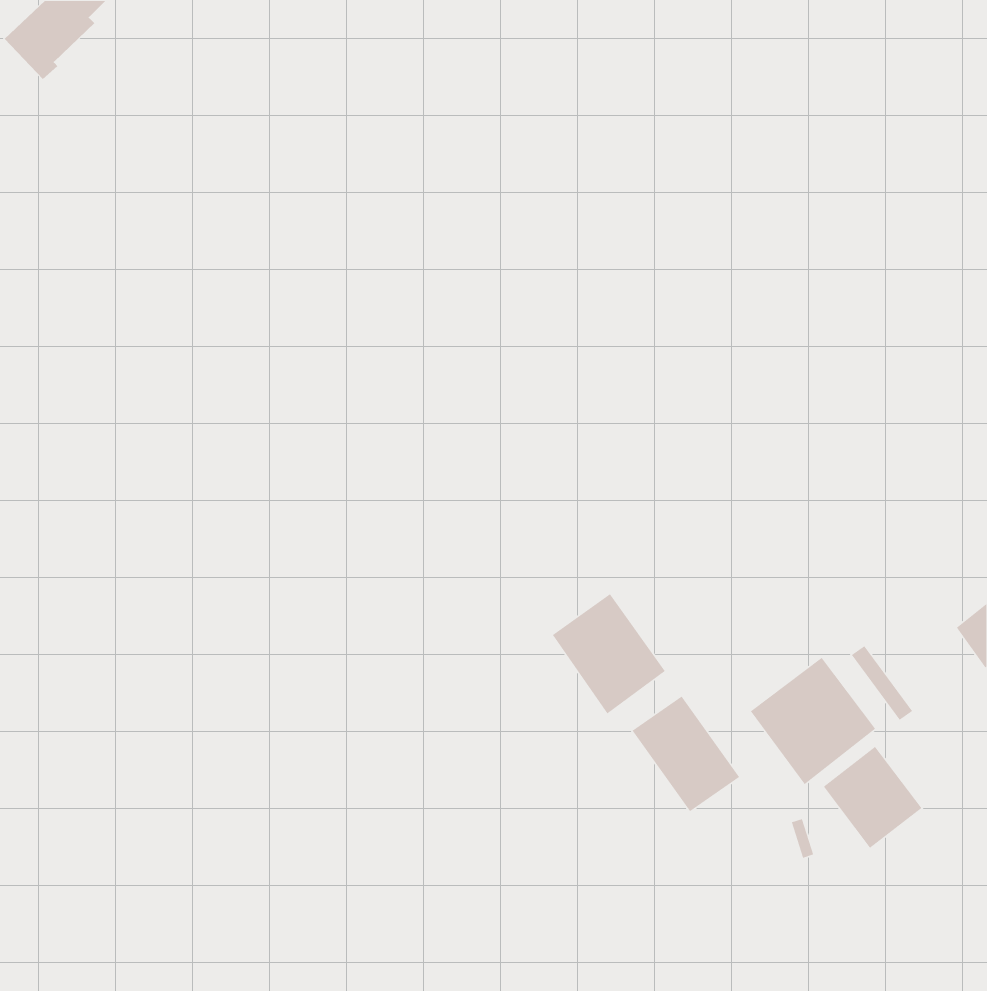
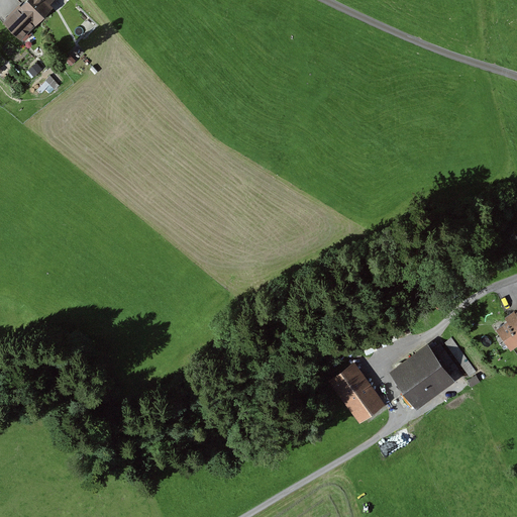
building: [552,593,666,715] -> none
building: [823,746,922,849] -> none

